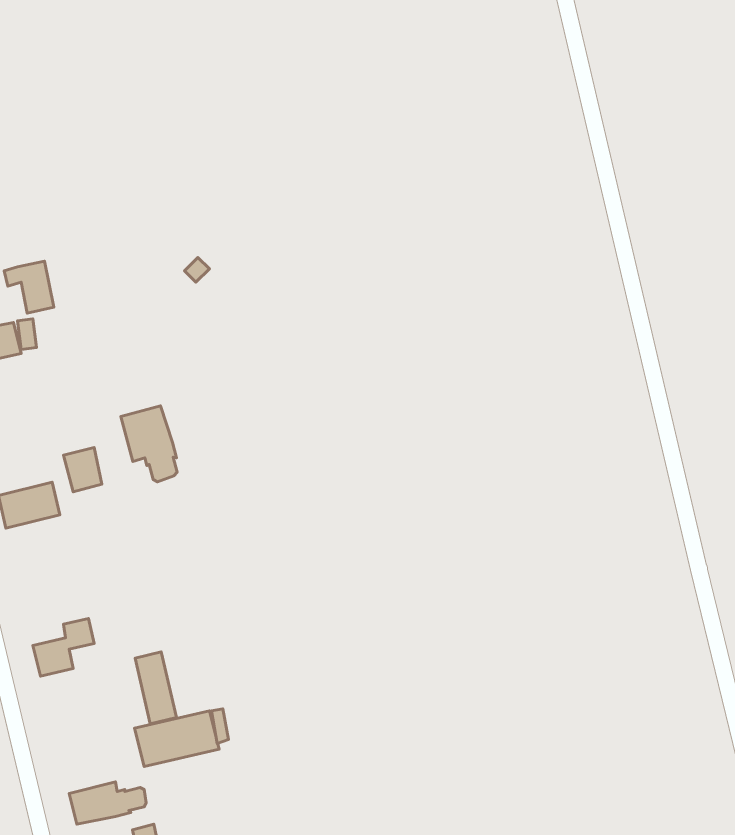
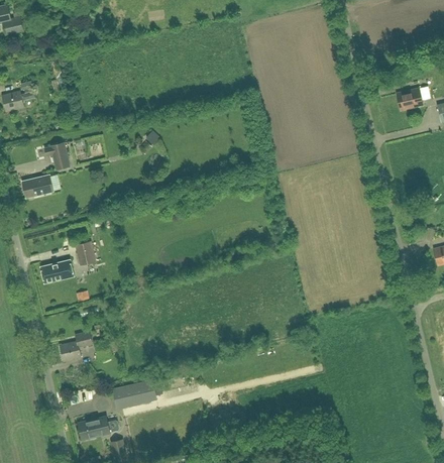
building: none -> [396,88,422,110]
building: [121,406,177,482] -> none
building: [135,652,176,724] -> none

